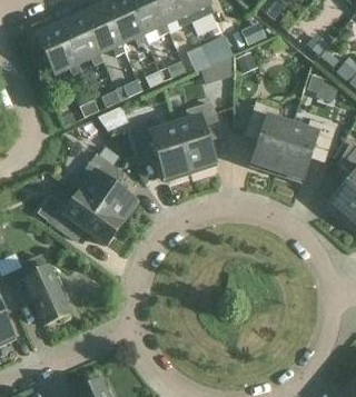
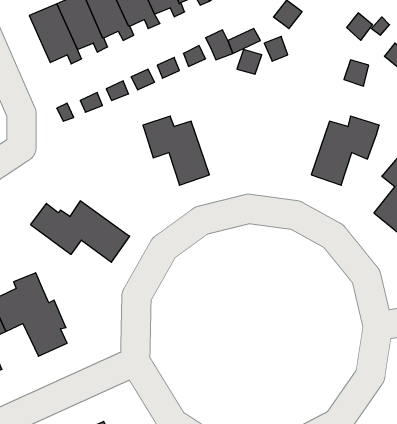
building: [174,102,219,170] -> none
building: [246,102,291,170] -> none
building: [79,155,135,221] -> none

